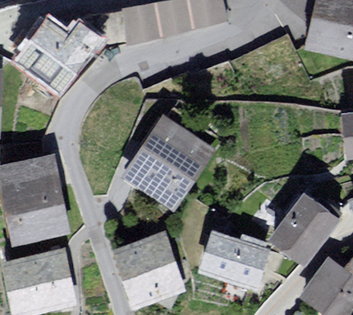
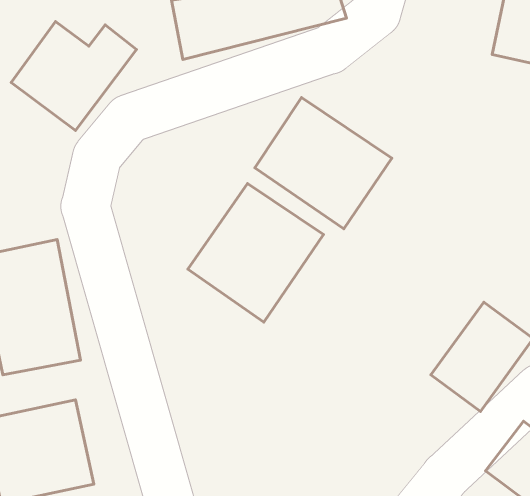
building: none -> [255,98,392,229]
building: [203,233,263,286] -> none
building: [115,237,181,304] -> none

